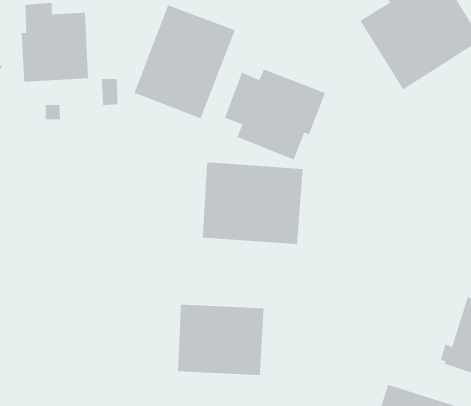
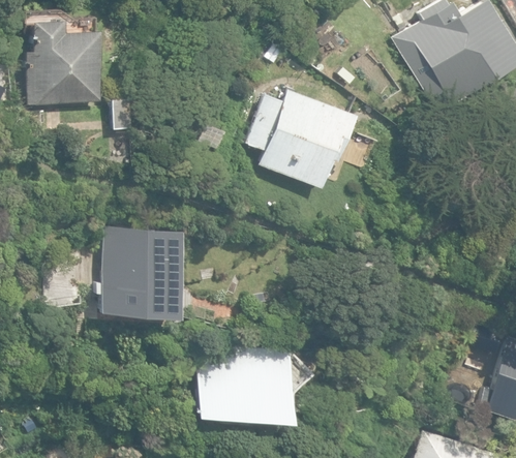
building: [134,5,235,119] -> none
building: [202,161,303,245] -> none
building: none -> [96,226,186,317]

